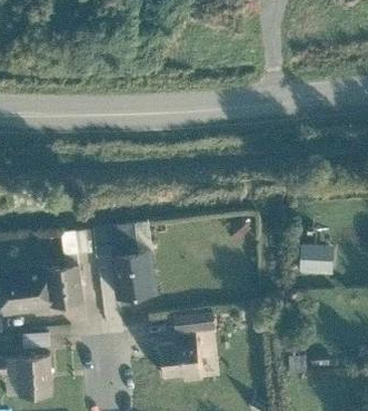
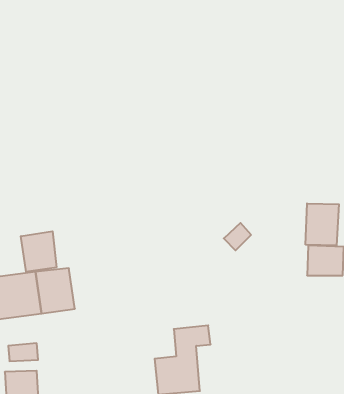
building: none -> [306,203,339,245]
building: none -> [21,231,56,272]
building: [112,255,157,301] -> none

